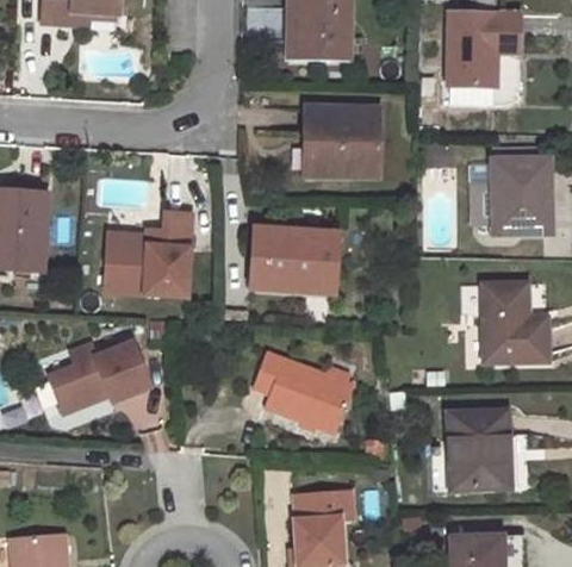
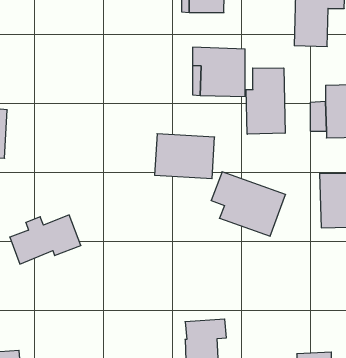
building: none -> [246,68,285,134]
building: [102,208,193,298] -> none
building: [251,345,356,436] -> [211,172,286,236]
building: [449,411,510,487] -> none

